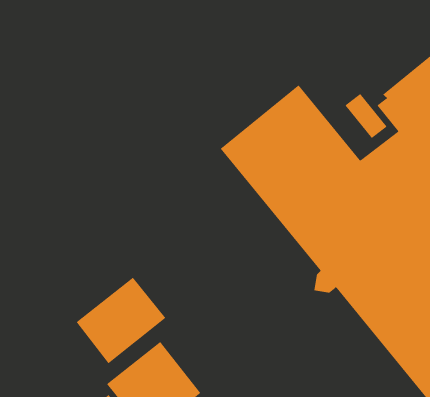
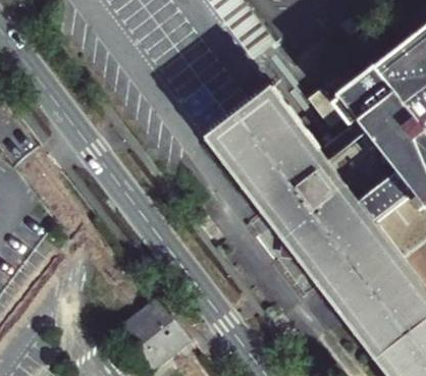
building: [76,277,166,364] -> none

